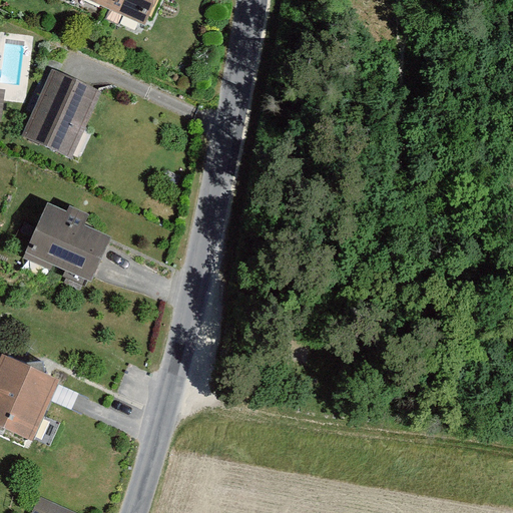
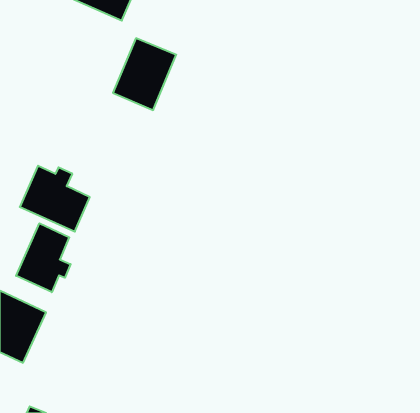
building: [22,67,99,154] -> [113,38,176,110]
building: none -> [16,223,71,292]

